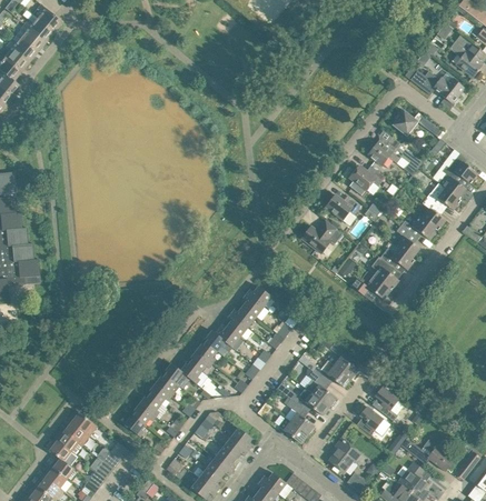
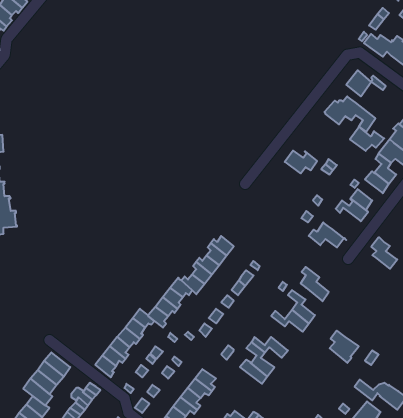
building: [349,164,386,190] -> [350,127,384,151]
building: [301,220,343,253] -> none
building: [371,257,399,290] -> [371,238,397,269]
building: [306,371,336,408] -> [301,267,329,301]
building: [358,405,390,435] -> none
building: [329,439,359,471] -> none

